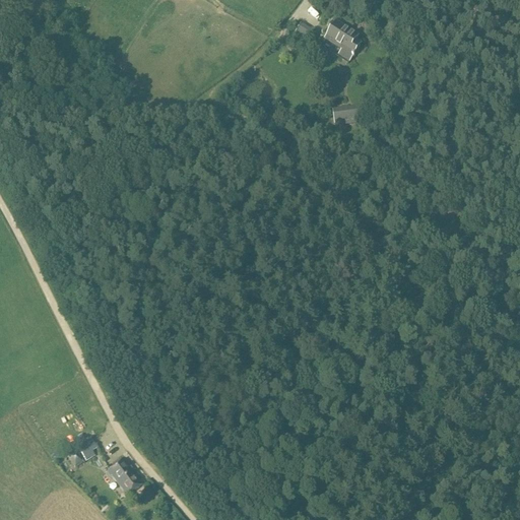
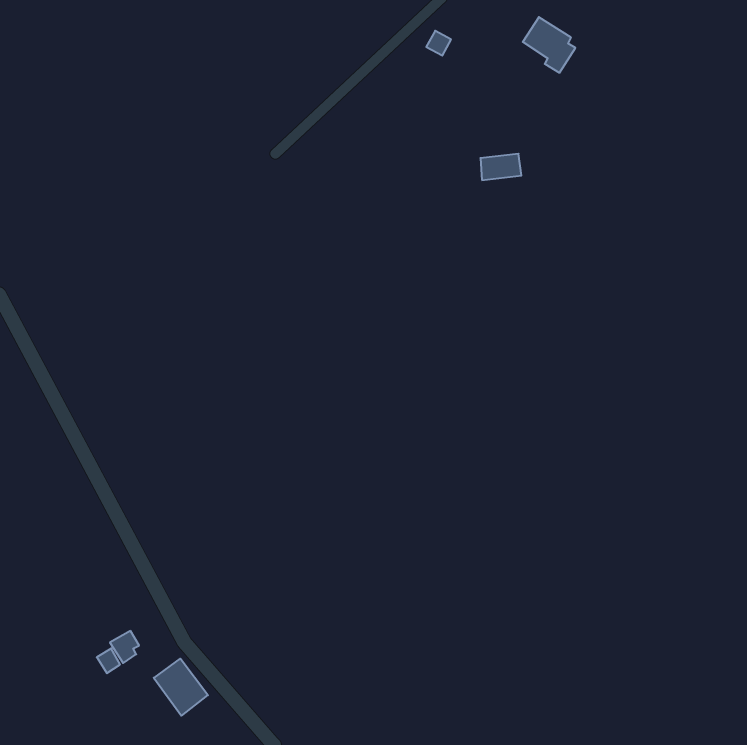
building: [324,21,361,60] -> [523,17,575,73]

